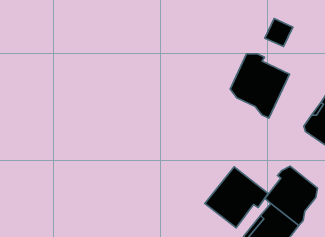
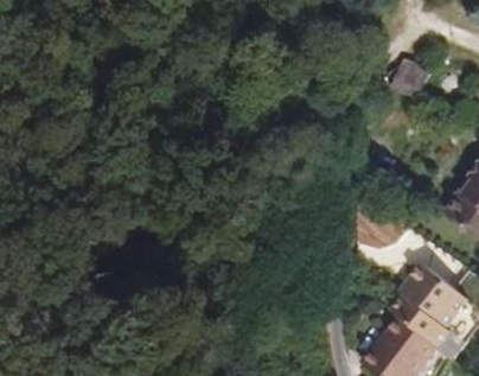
building: [230,54,289,118] -> none
building: [205,167,268,228] -> none

